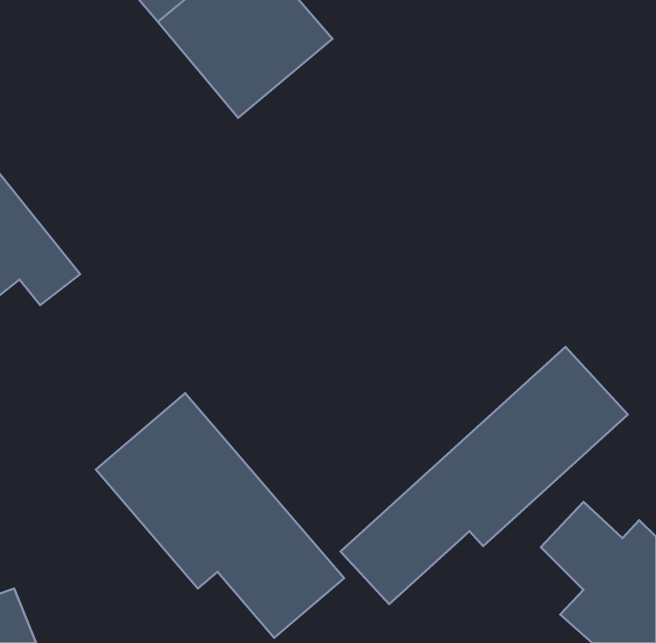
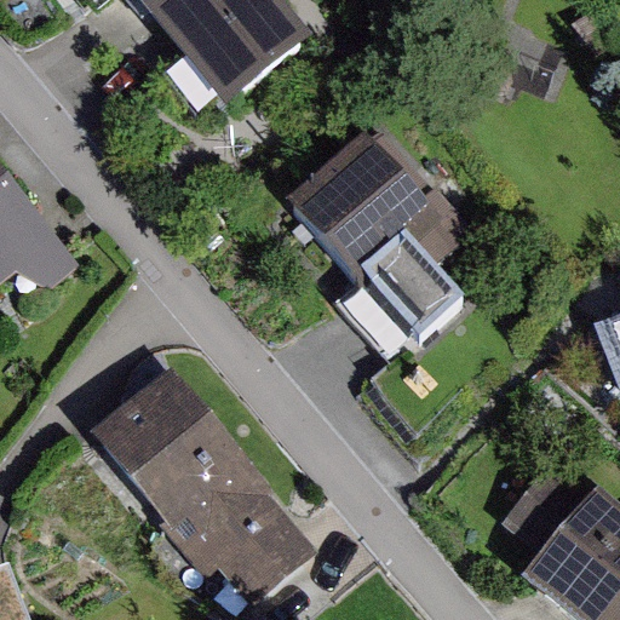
building: none -> [285,131,463,361]
building: [340,347,628,604] -> none

